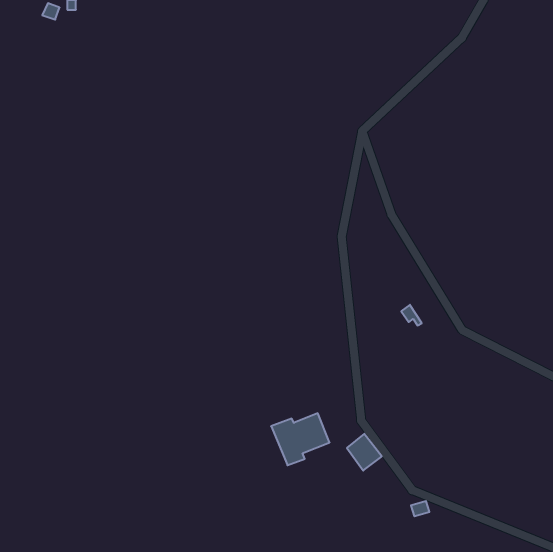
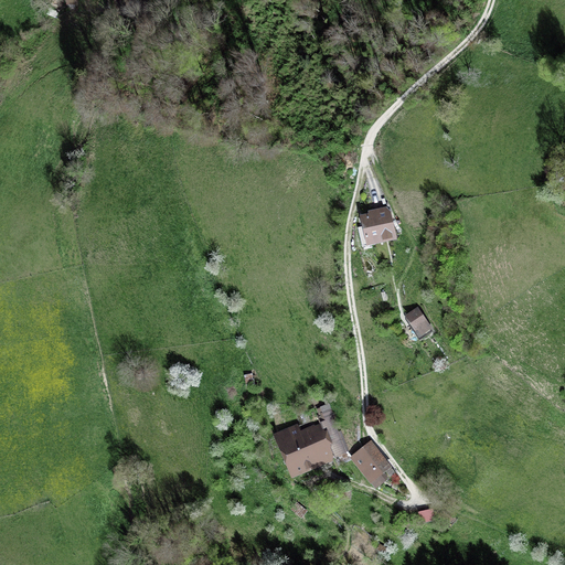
building: none -> [360,198,392,242]

